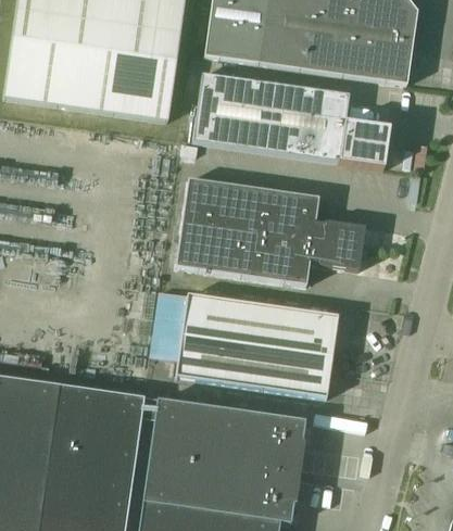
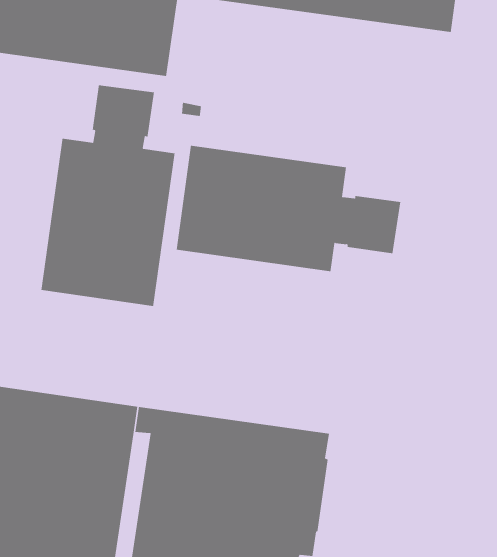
building: [193,73,390,167] -> none
building: none -> [41,84,175,307]
building: [153,289,339,396] -> none

